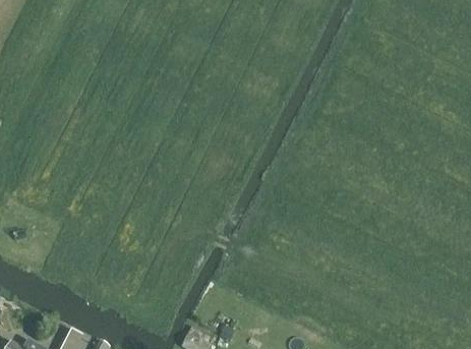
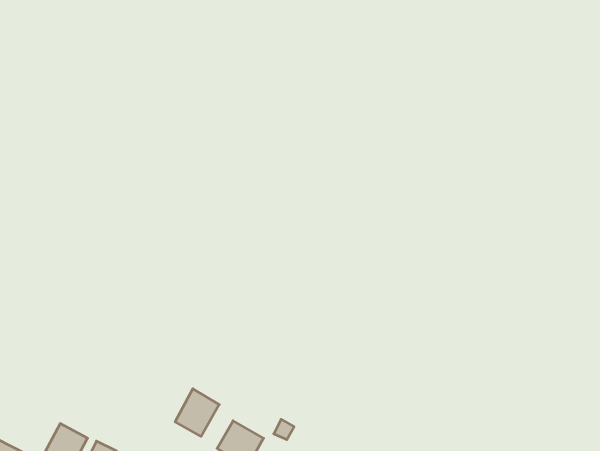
building: none -> [175,389,219,436]

